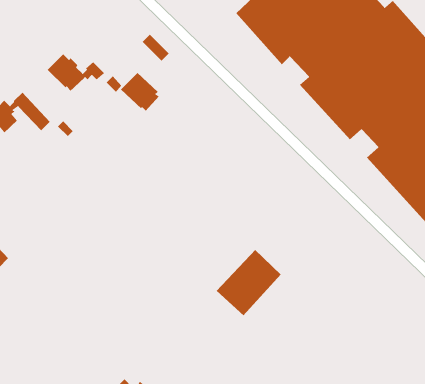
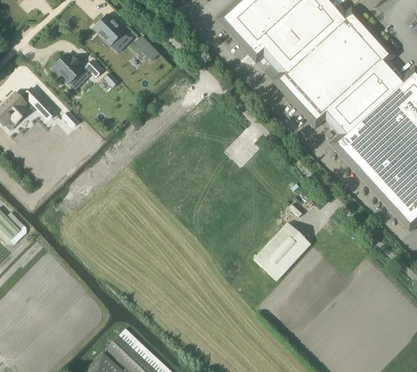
building: [120,72,160,111] -> [94,14,128,48]
building: [216,249,282,316] -> [254,222,311,280]

